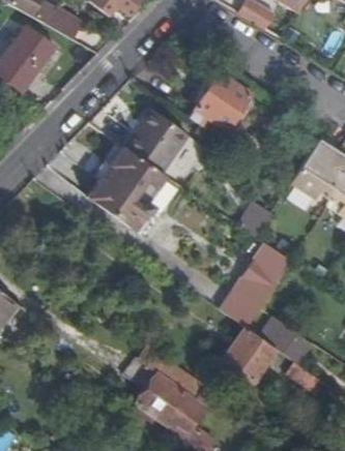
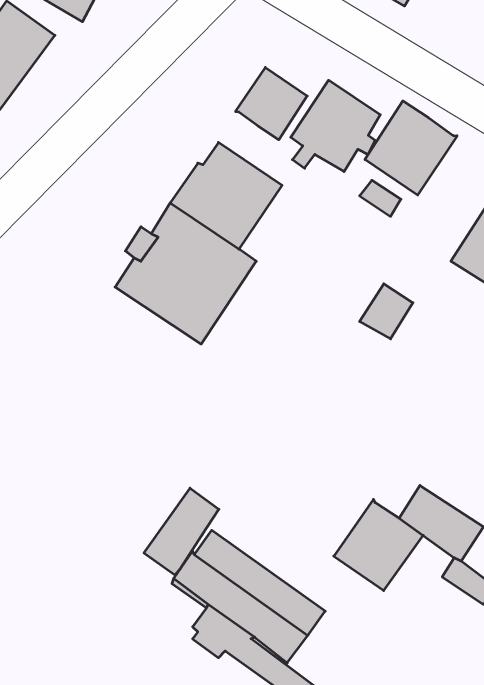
building: none -> [236,67,307,140]
building: none -> [365,101,457,195]
building: [221,238,290,322] -> none
building: none -> [144,488,219,575]

